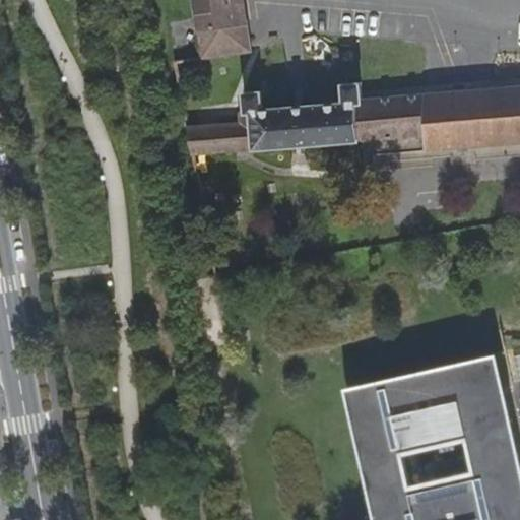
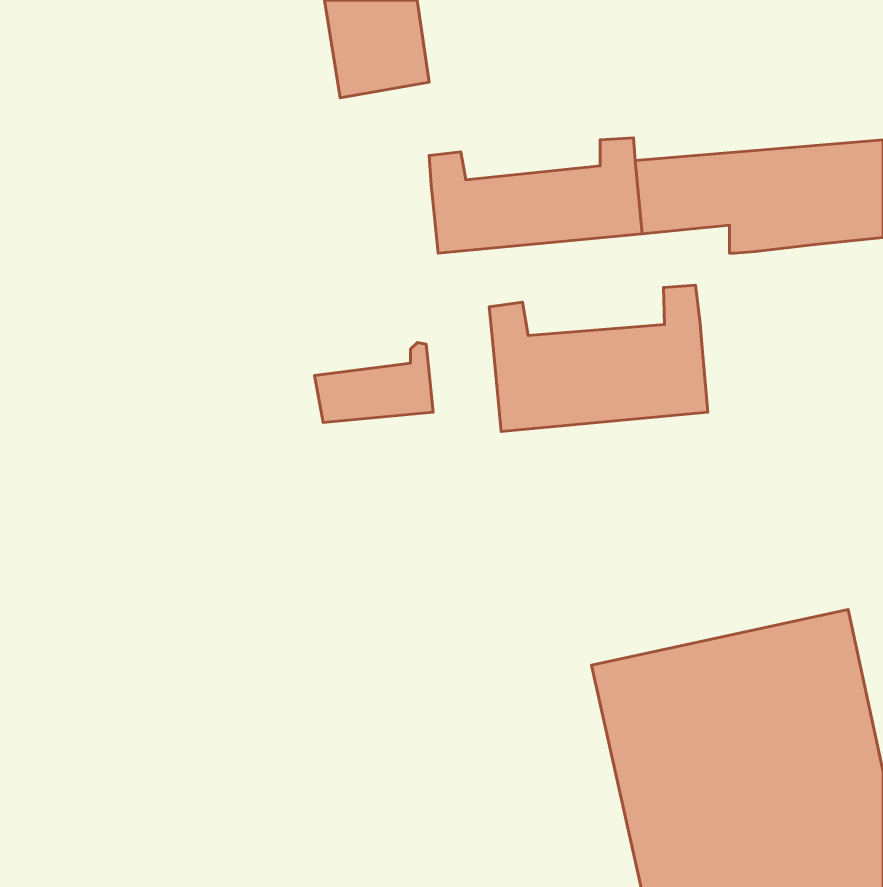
building: [186,110,255,156] -> [315,342,433,423]
building: none -> [489,285,708,432]

